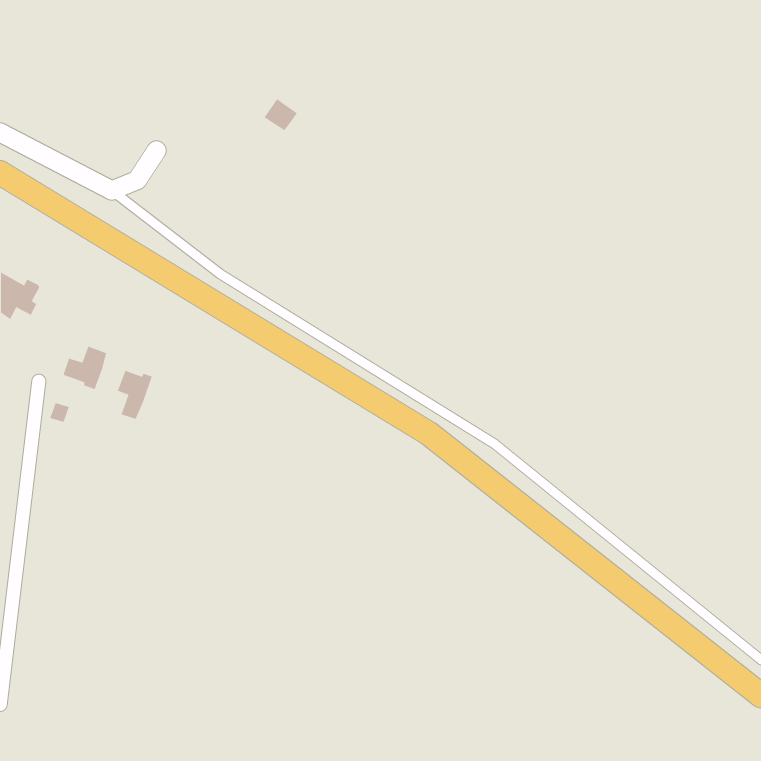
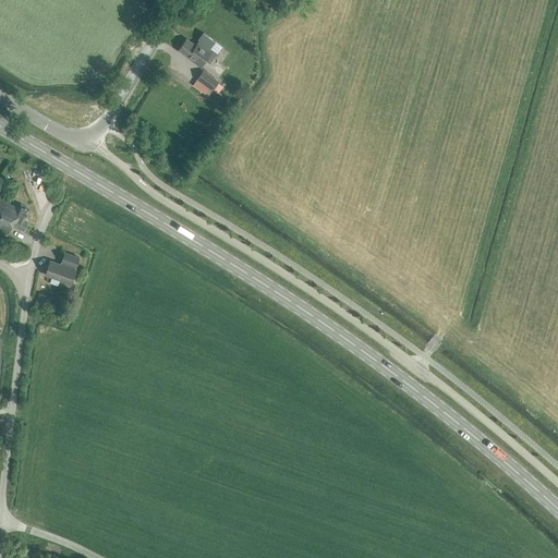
building: none -> [178,33,217,68]
building: [117,370,153,420] -> none

